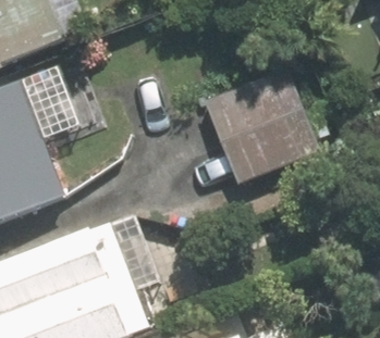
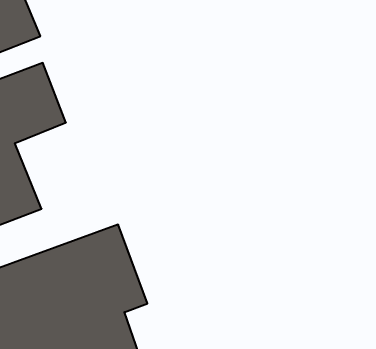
building: [203,68,320,183] -> none

